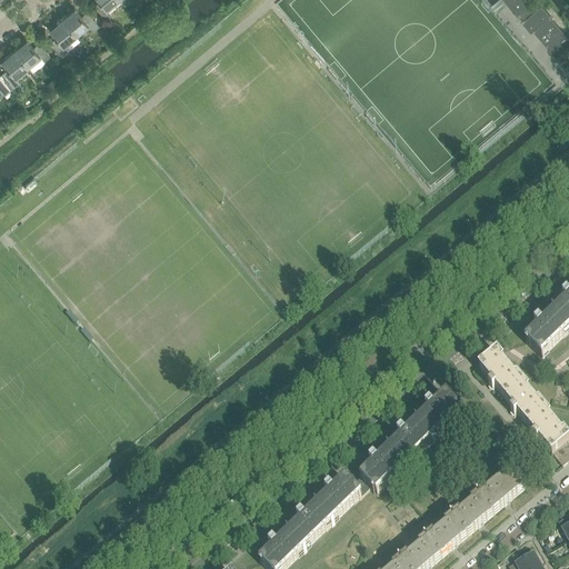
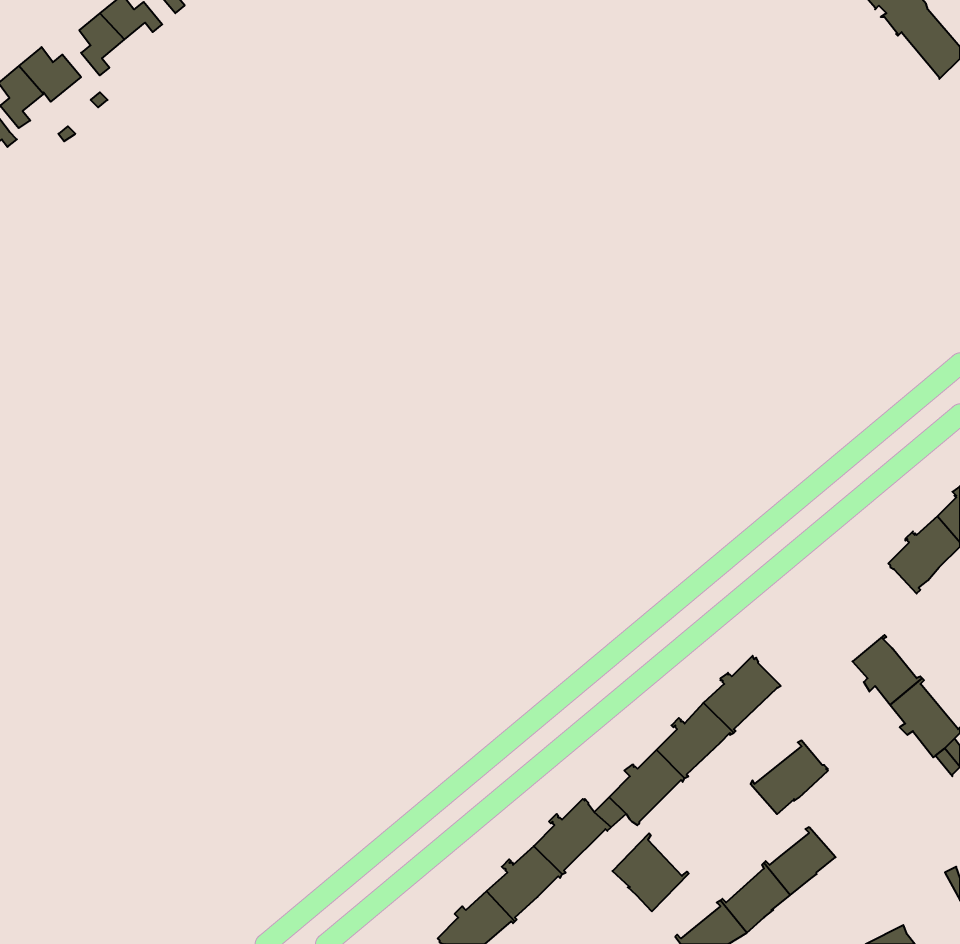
building: [477,343,521,390] -> none
building: [477,462,522,506] -> [751,741,828,814]
building: none -> [612,833,689,911]

